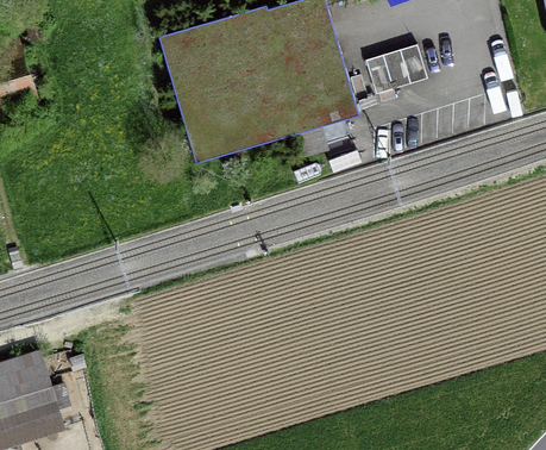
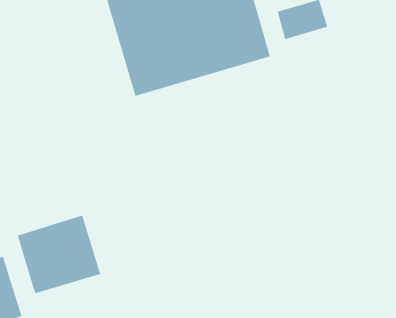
building: none -> [17,215,101,294]

